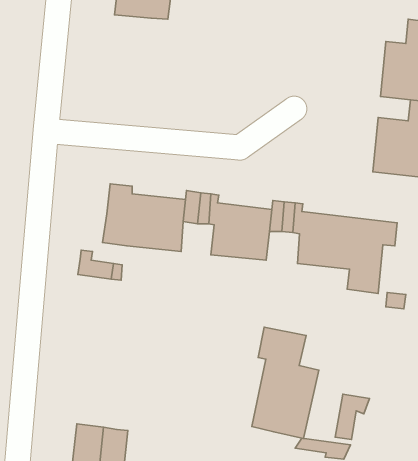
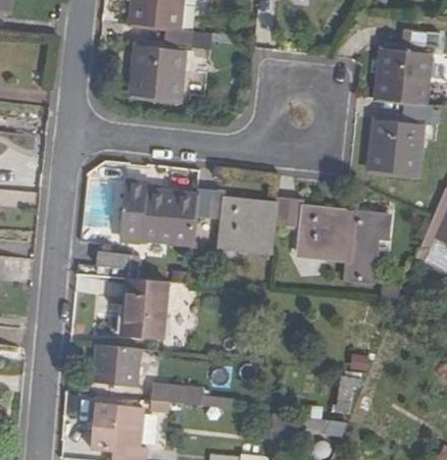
building: none -> [131,29,194,101]
building: none -> [121,279,167,339]
building: [252,327,319,439] -> none
building: none -> [93,344,140,387]
building: none -> [148,382,200,408]

